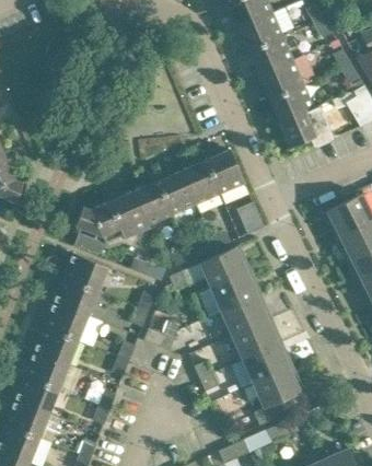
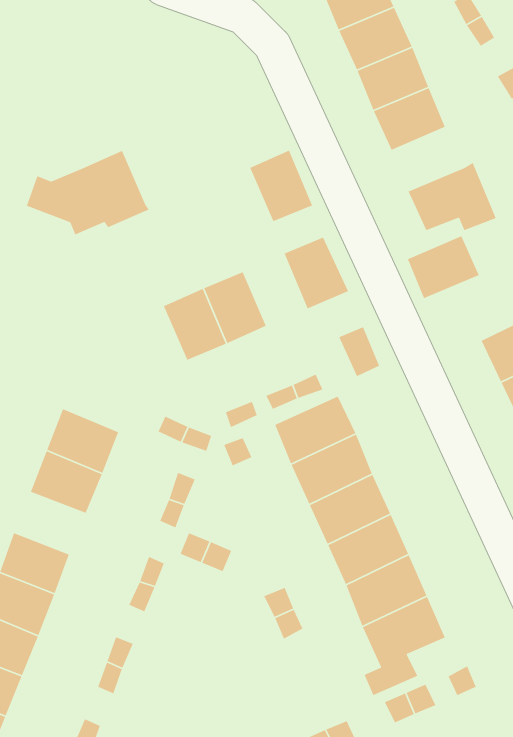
building: [271,84,315,123] -> [407,235,480,299]
building: [183,160,221,203] -> [249,149,313,222]
building: [77,191,151,243] -> [26,150,150,235]
building: [45,303,89,340] -> none

